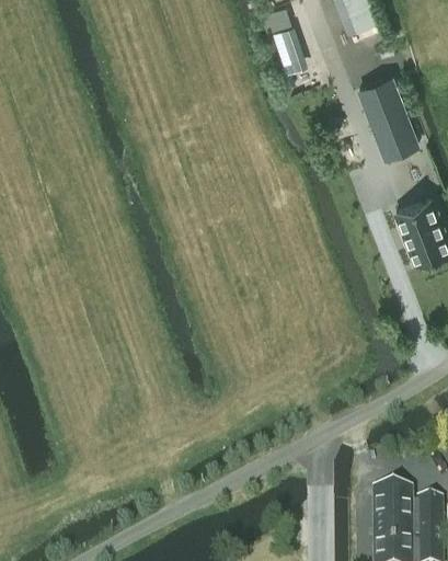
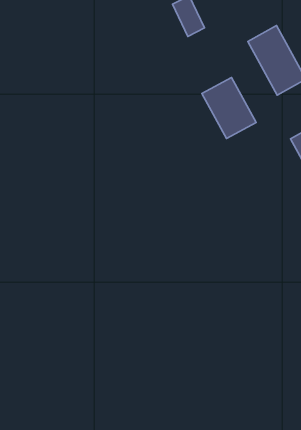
building: none -> [202,77,256,138]

